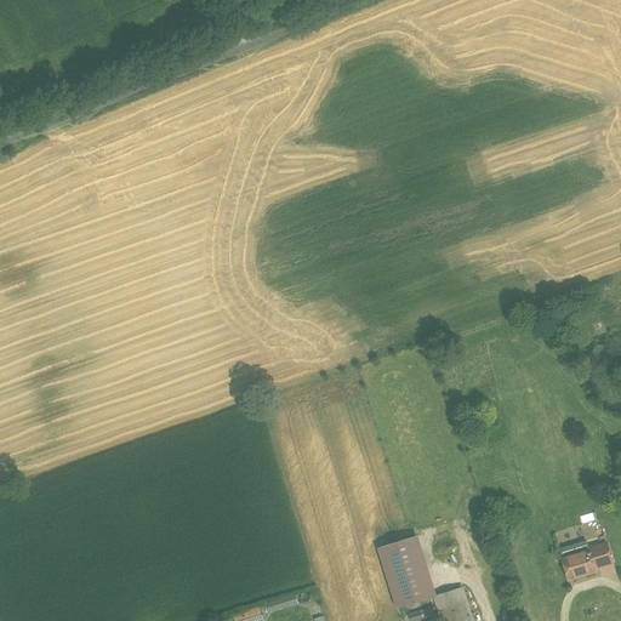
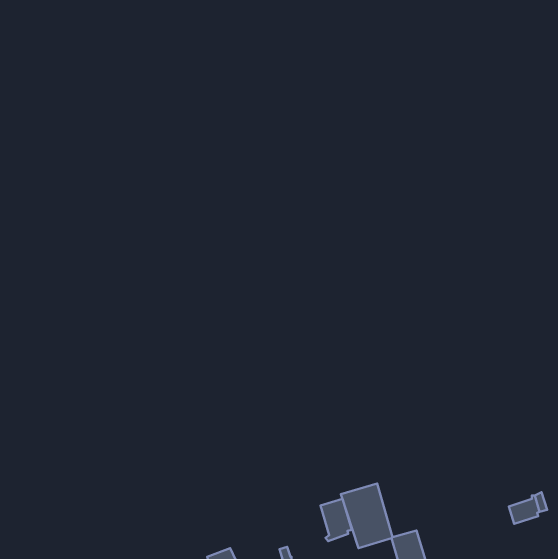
building: none -> [320,499,352,541]

